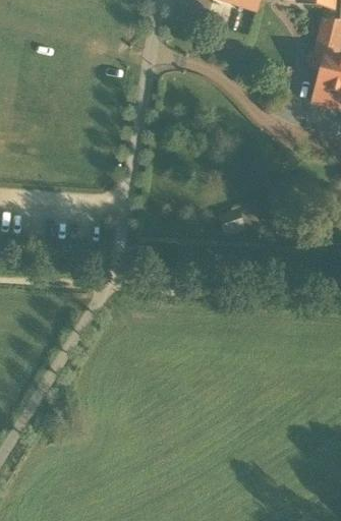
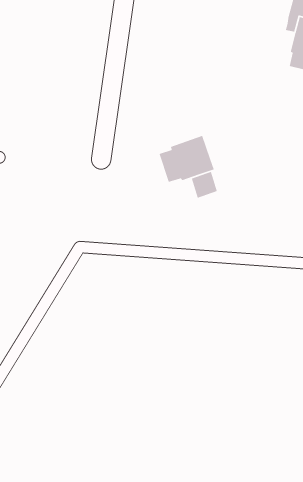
building: none -> [159,135,215,183]

